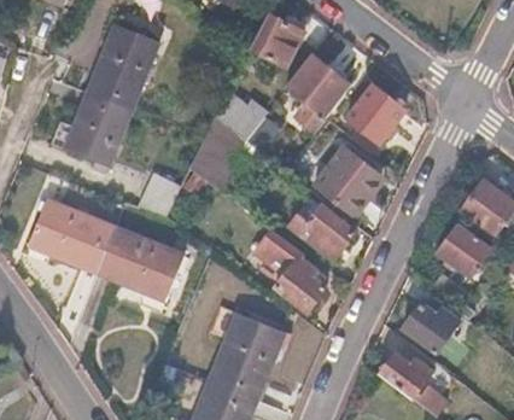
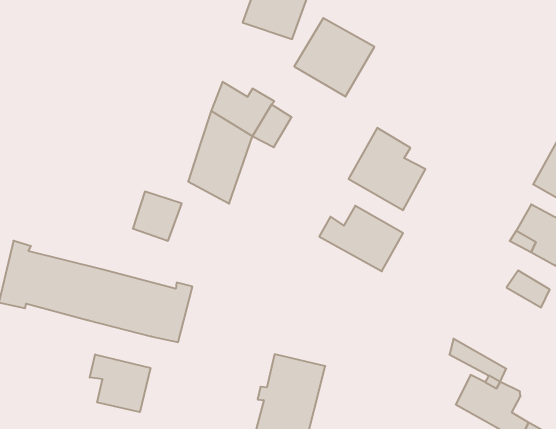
building: [63,23,158,164] -> none
building: [346,83,404,152] -> none
building: [258,231,326,311] -> none
building: none -> [90,354,150,412]
building: [402,298,460,350] -> none

